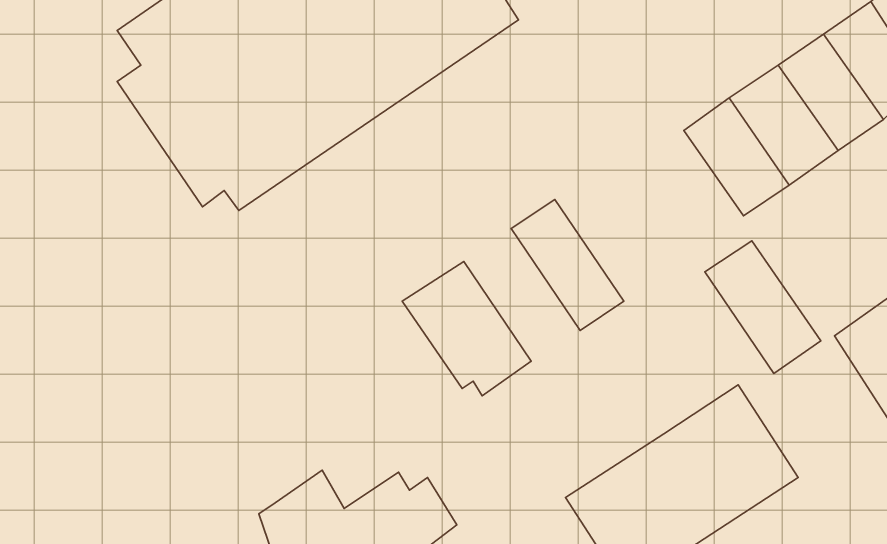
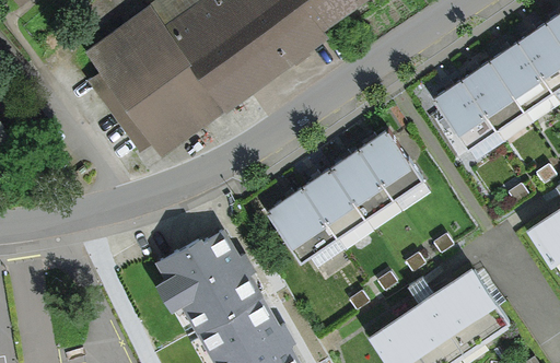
building: none -> [302,167,372,247]
building: [705,241,821,374] -> [357,131,427,211]
building: none -> [155,221,264,332]

